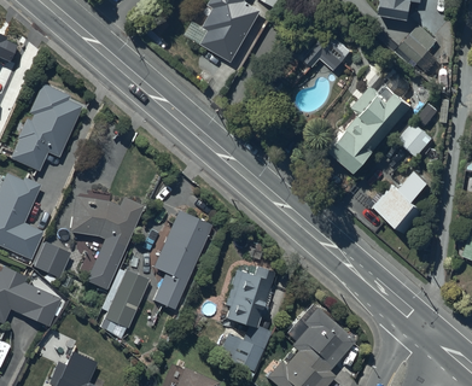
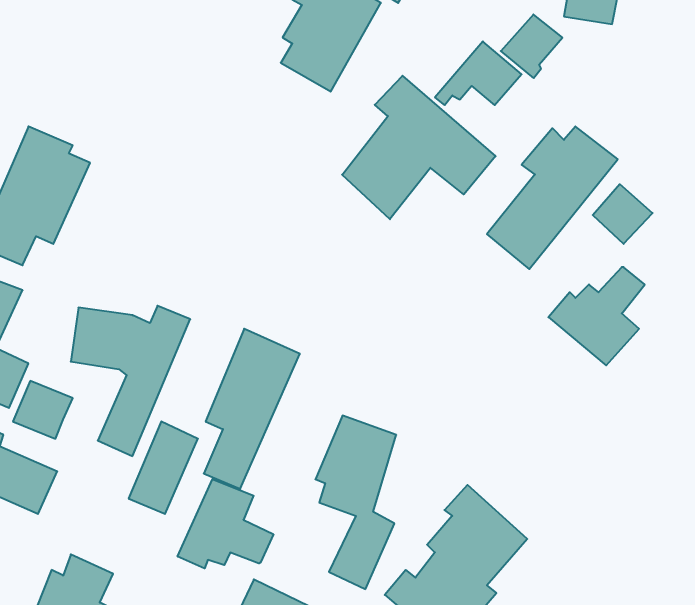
building: [398,24,437,64] -> [501,14,562,78]
building: none -> [342,76,496,219]
building: none -> [178,479,273,568]

